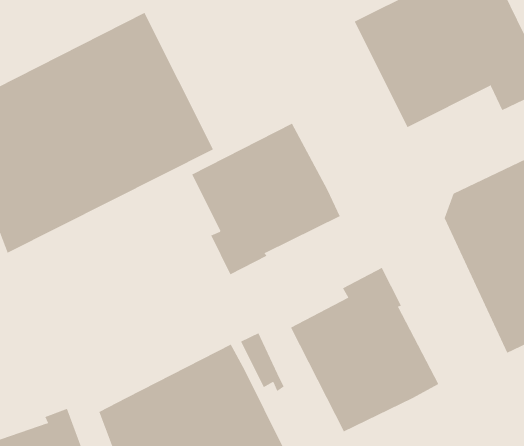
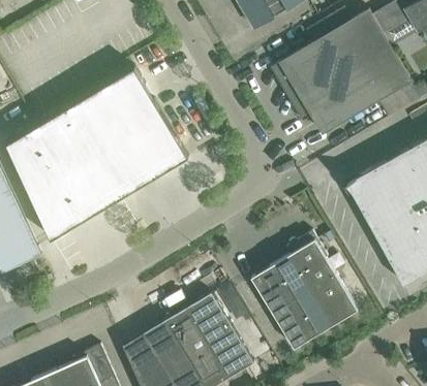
building: [192,123,340,275] -> none

